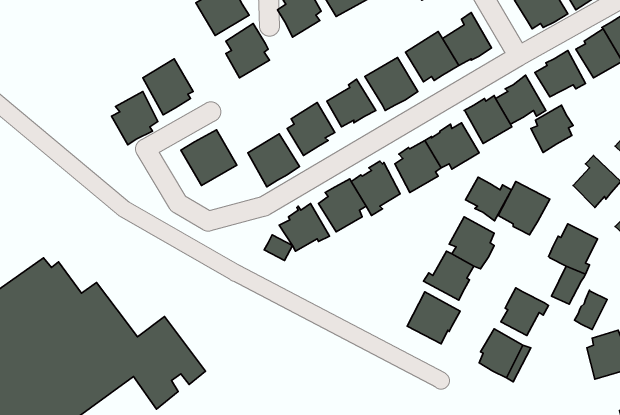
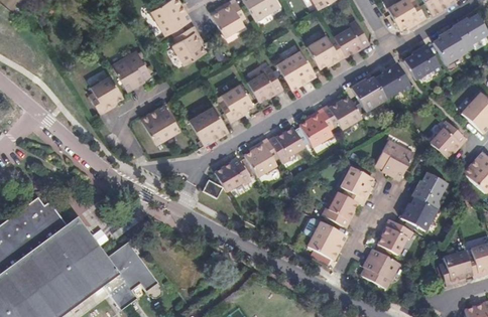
building: [531,105,573,152] -> none
building: [466,177,512,221] -> none
building: [574,290,607,330] -> [401,196,425,225]

